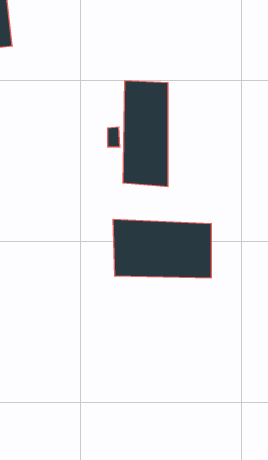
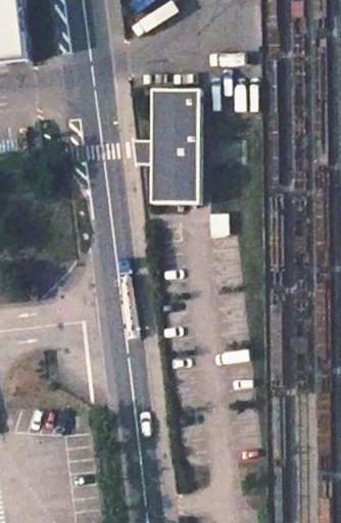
building: [113,219,211,278] -> none

